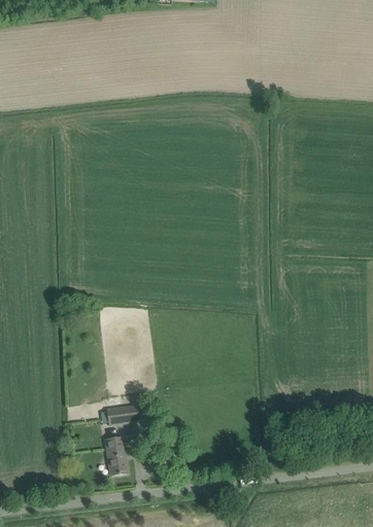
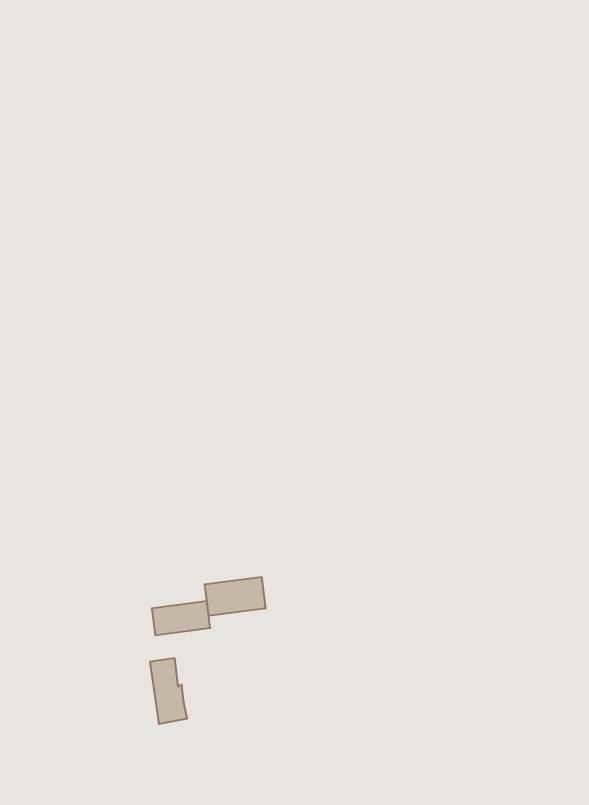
building: none -> [205,577,265,616]

